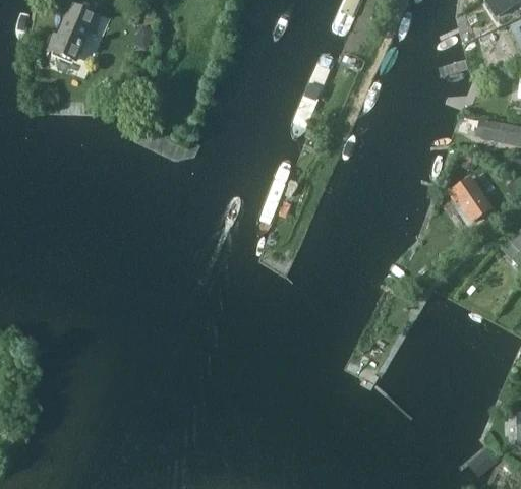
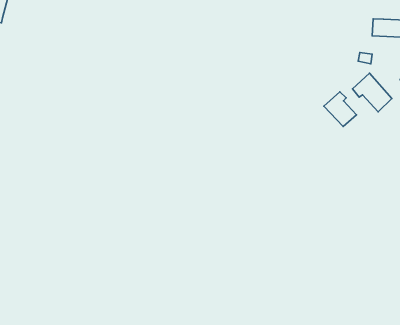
building: none -> [324,92,357,127]

